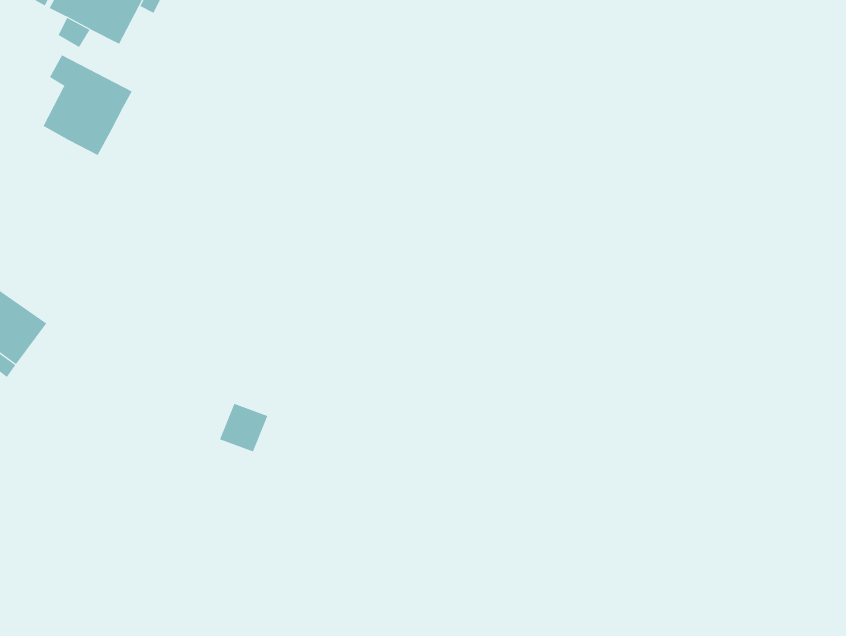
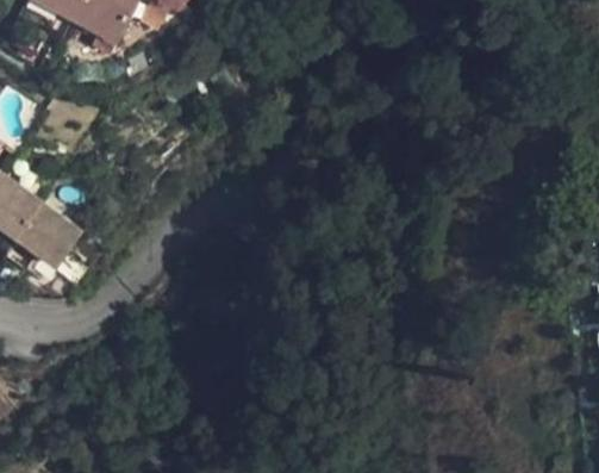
building: [43,54,133,156] -> none

